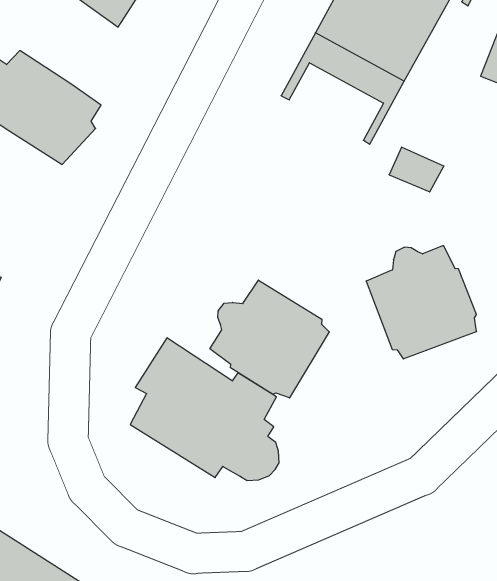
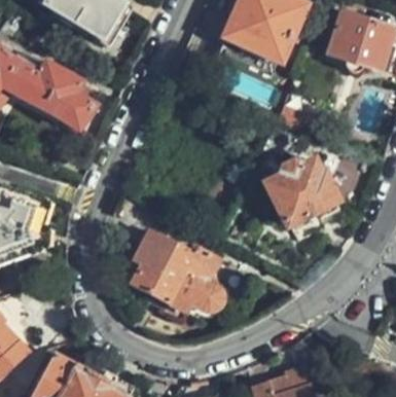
building: [210,280,329,398] -> none

